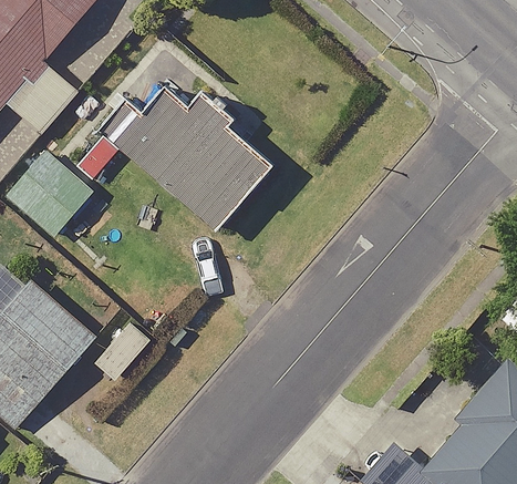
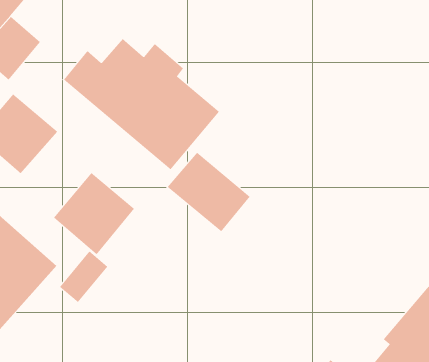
building: none -> [167,152,251,232]
building: none -> [53,172,135,255]

